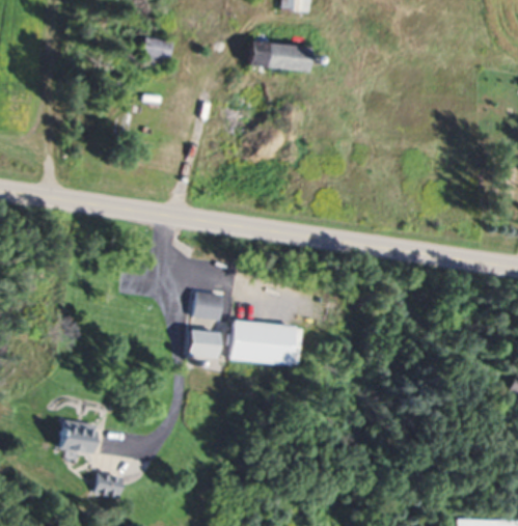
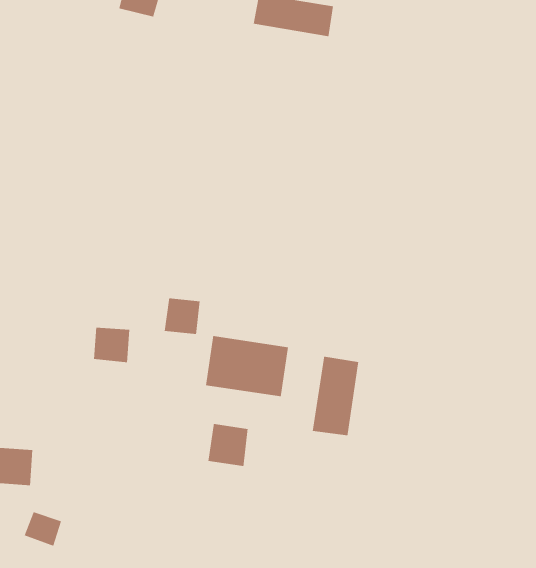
building: none -> [312,356,359,436]
building: [191,330,219,357] -> [93,327,130,363]
building: none -> [208,423,248,467]

